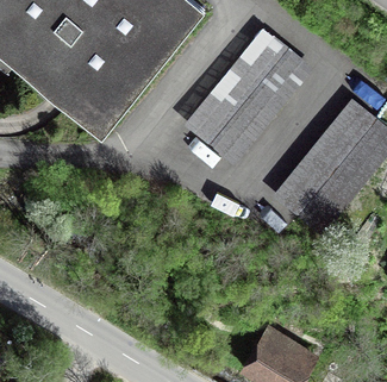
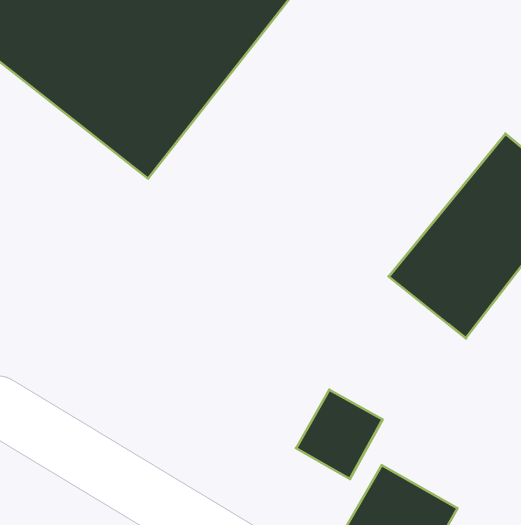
building: [181,27,313,168] -> none
building: none -> [296,390,382,479]

